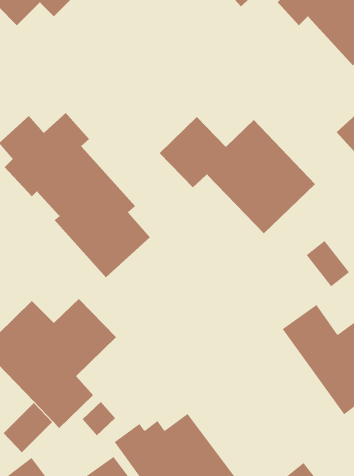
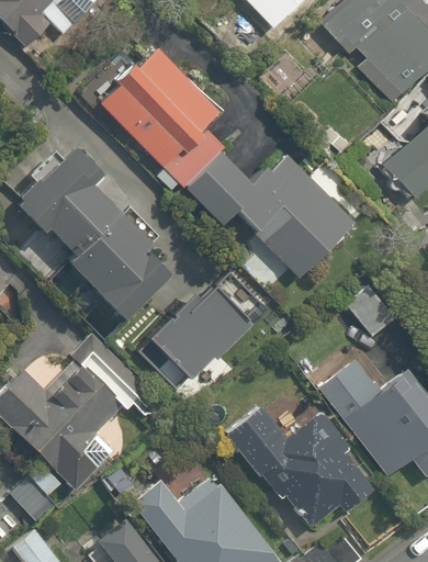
building: none -> [103,26,225,190]
building: none -> [137,276,262,393]
building: none -> [225,406,370,531]

